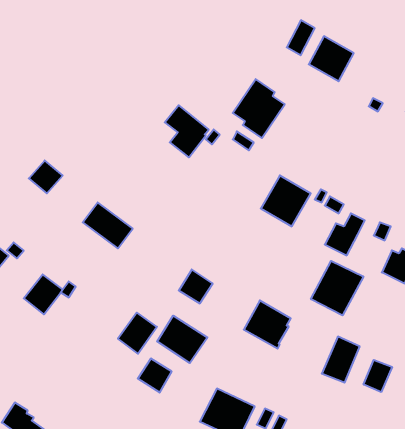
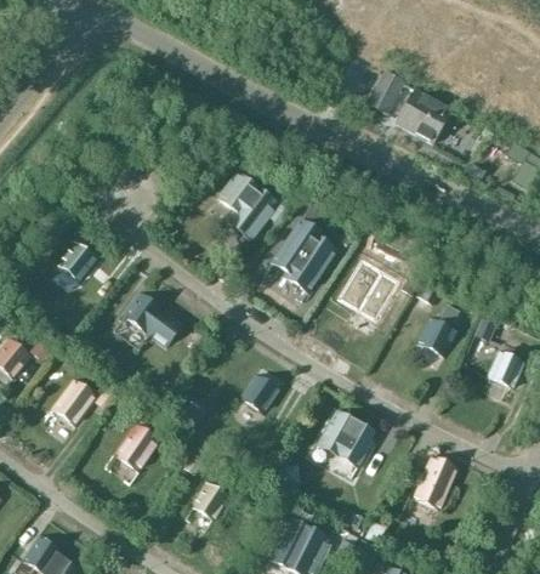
building: [233,79,285,138] -> [273,220,336,291]
building: [311,261,363,315] -> none
building: [118,313,157,354] -> [114,422,161,472]
building: [157,316,207,363] -> none
building: [364,360,392,392] -> none

